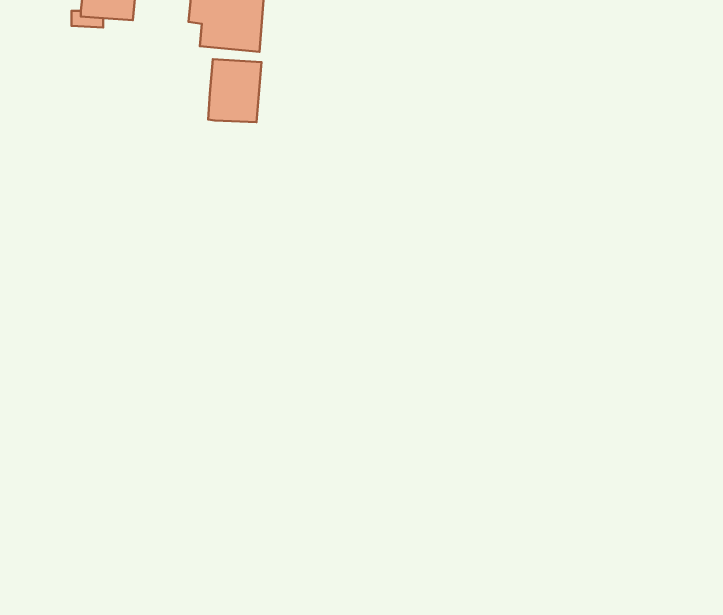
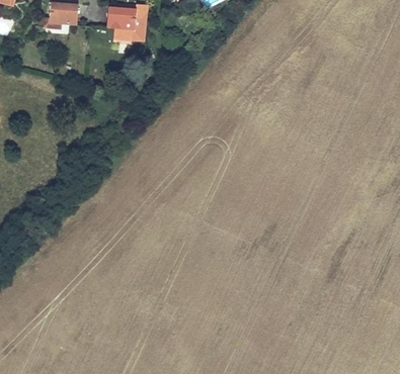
building: [208,59,261,122] -> none

